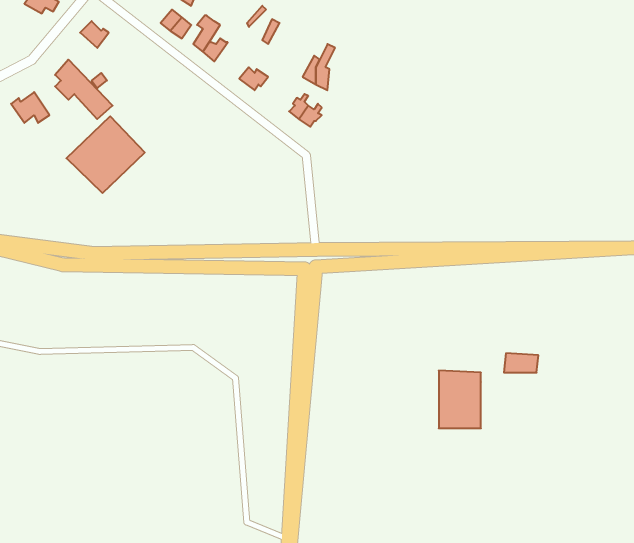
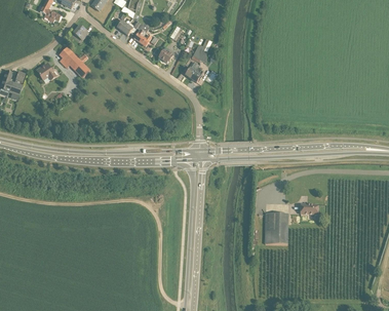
building: [66,116,145,193] -> none

